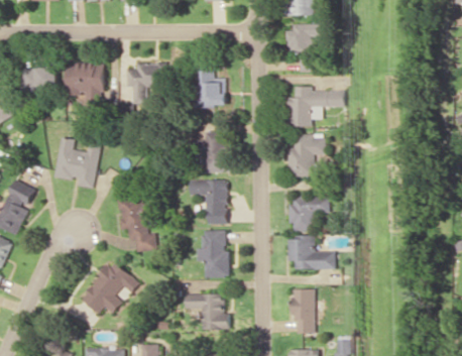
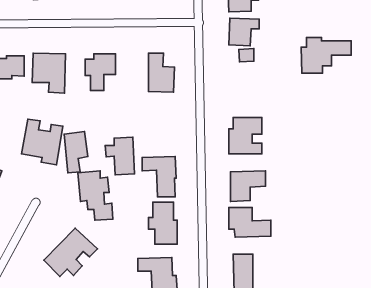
building: [287,87,344,127] -> [301,37,351,73]
building: [194,131,227,173] -> [105,137,135,175]
building: none -> [64,131,88,173]

